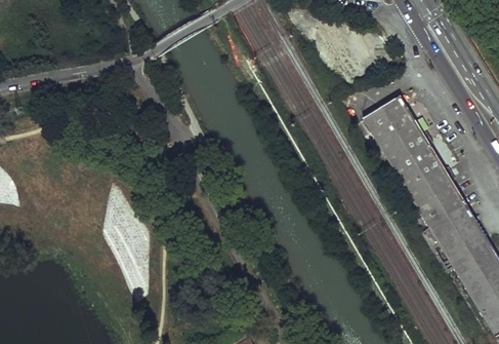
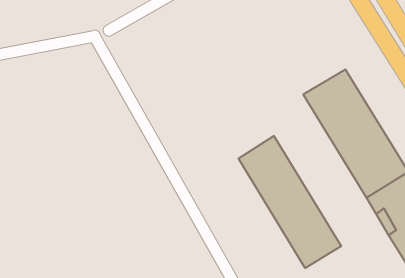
building: none -> [239,136,341,268]

